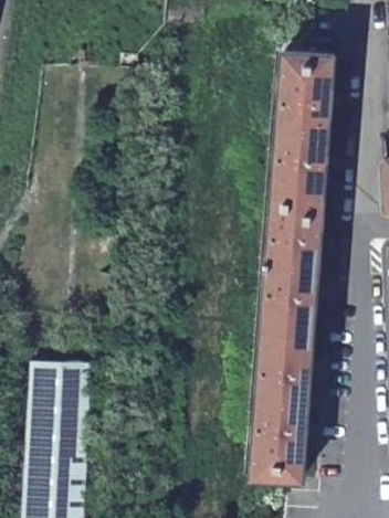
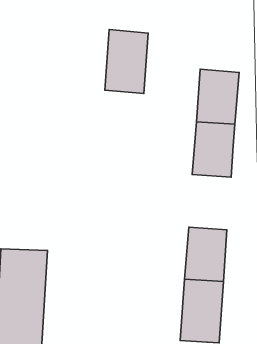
building: [278,53,334,135] -> [105,30,148,94]
building: [264,265,318,336] -> none

